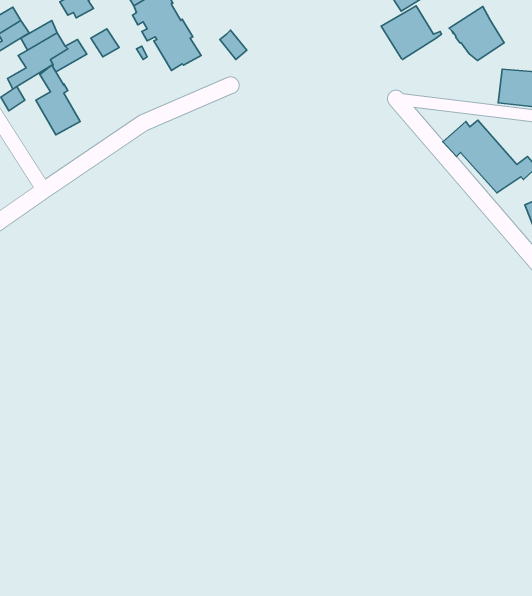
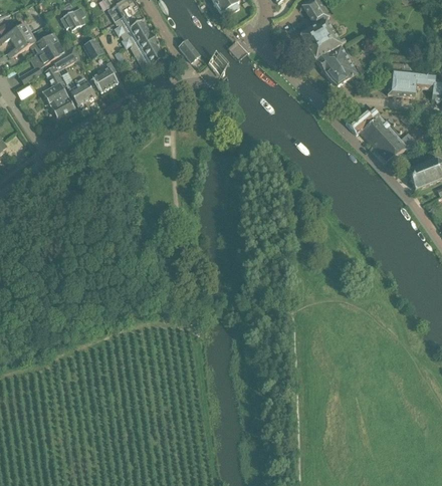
building: [449,7,504,60] -> [315,45,357,85]
building: none -> [92,61,118,91]
building: none -> [65,78,94,105]

